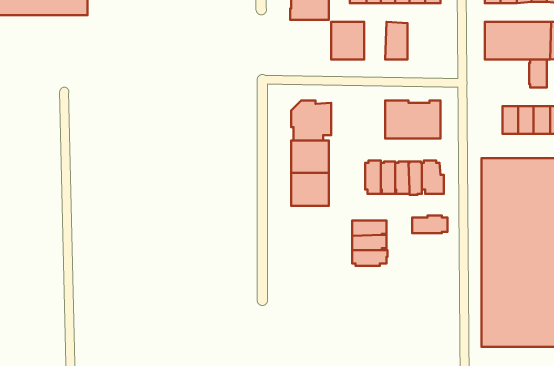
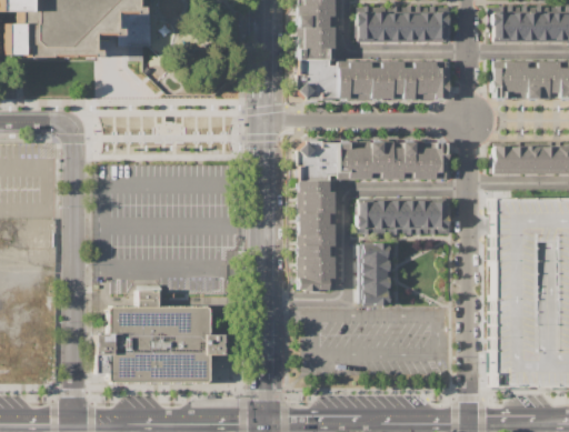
building: none -> [299,59,340,100]
building: none -> [373,61,396,99]
building: none -> [417,62,452,99]
building: [529,60,547,87] -> [495,145,512,173]
building: none -> [340,140,395,178]
building: none -> [359,200,375,233]
building: none -> [300,245,338,291]
building: [412,215,448,233] -> [361,242,397,260]
building: none -> [96,290,226,382]

